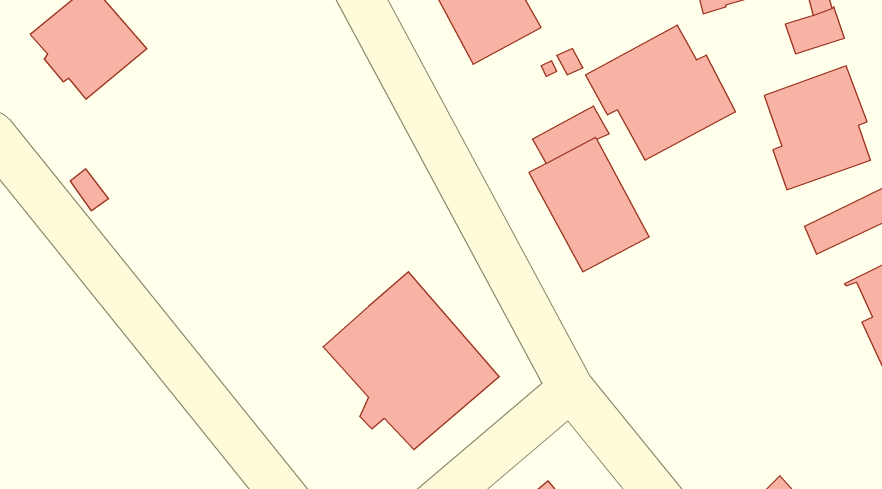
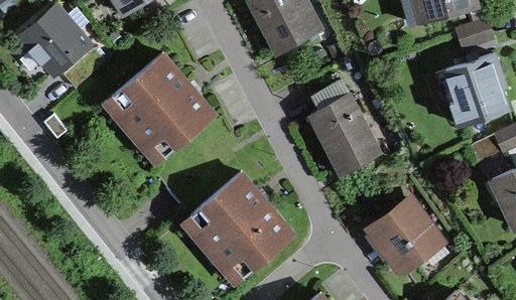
building: [586,25,736,160] -> none
building: none -> [112,55,214,158]
building: none -> [373,201,439,269]

